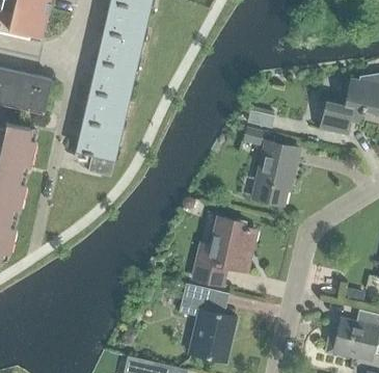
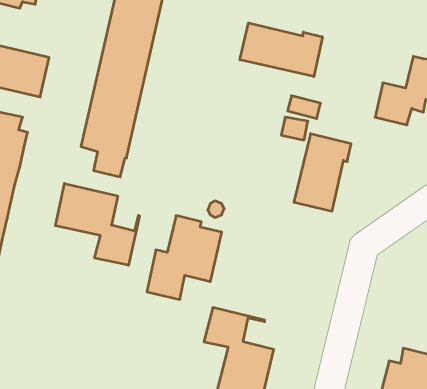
building: none -> [240,23,322,77]
building: none -> [55,183,140,265]
building: [193,218,254,287] -> [147,216,222,299]

